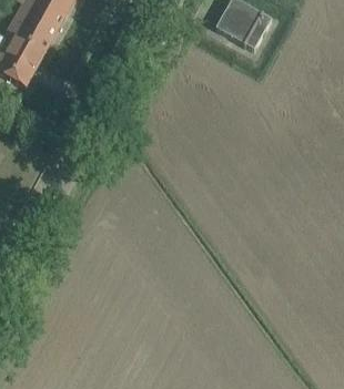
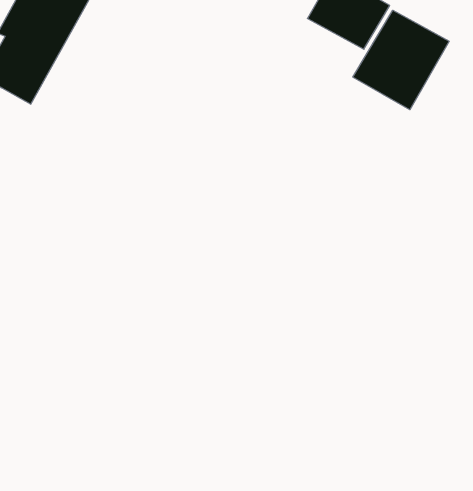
building: none -> [353,10,449,110]

